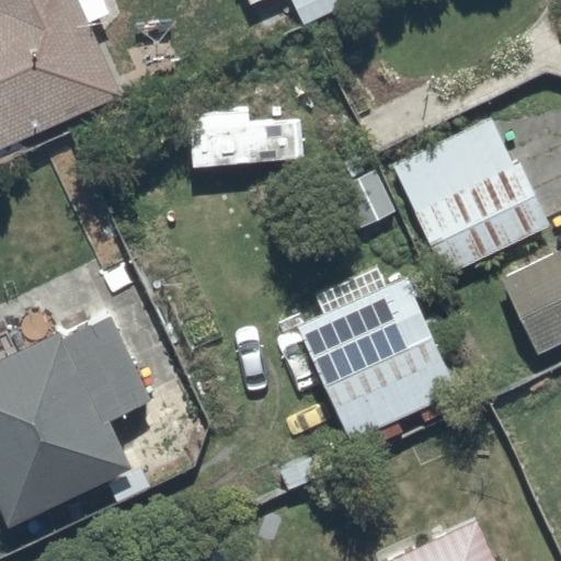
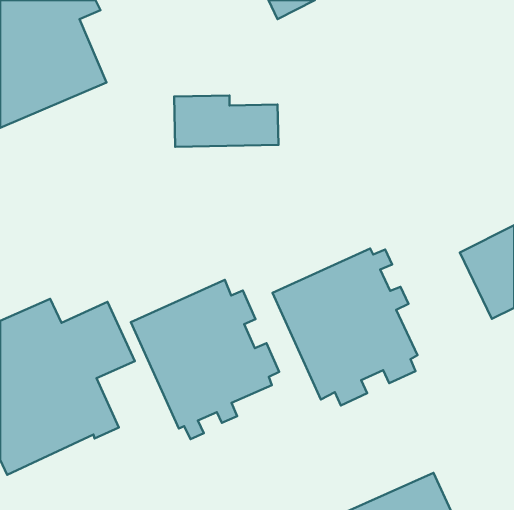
building: [394,118,548,274] -> none
building: none -> [131,280,279,439]

